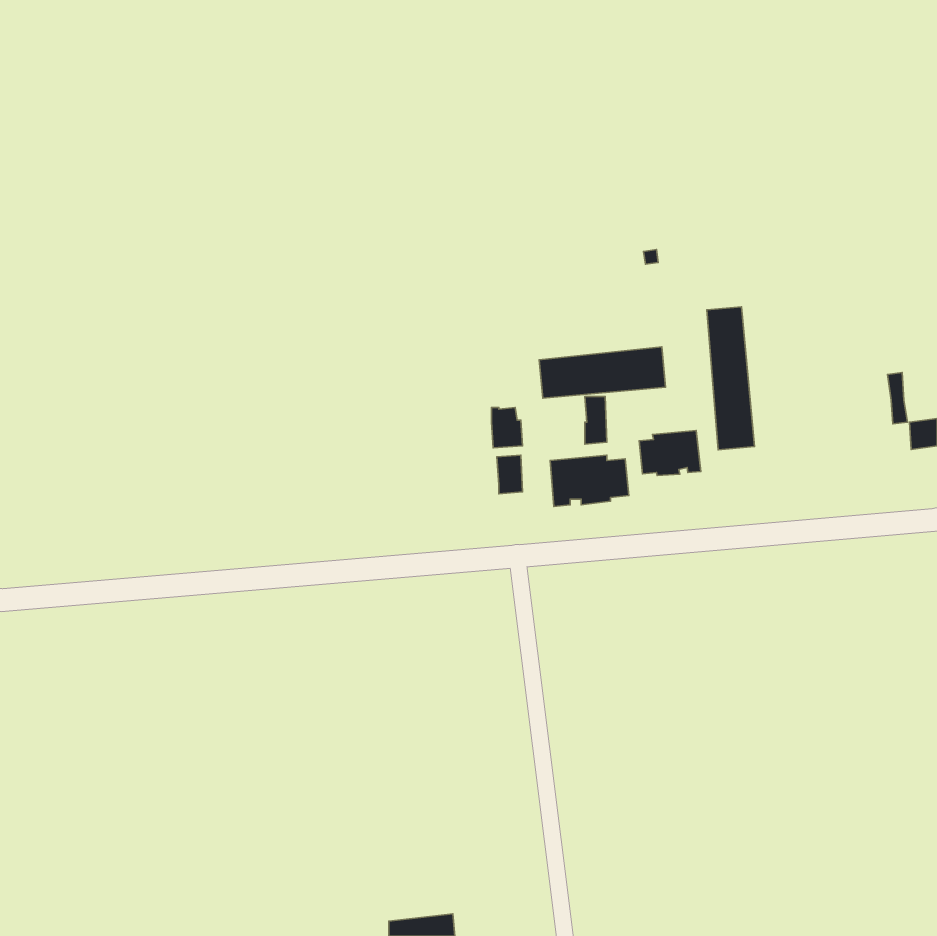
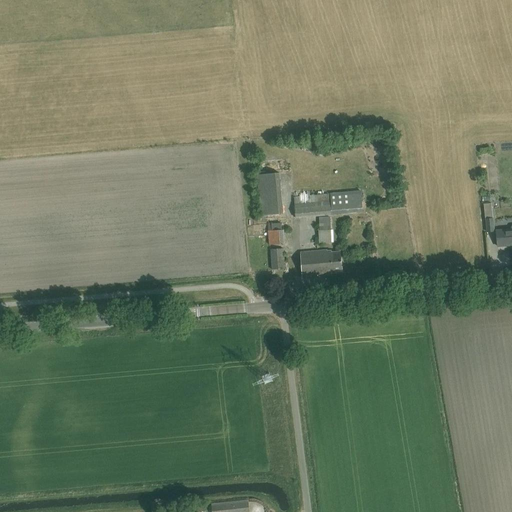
building: [707,307,754,450] -> none
building: none -> [257,172,283,215]
building: [639,430,701,476] -> none

